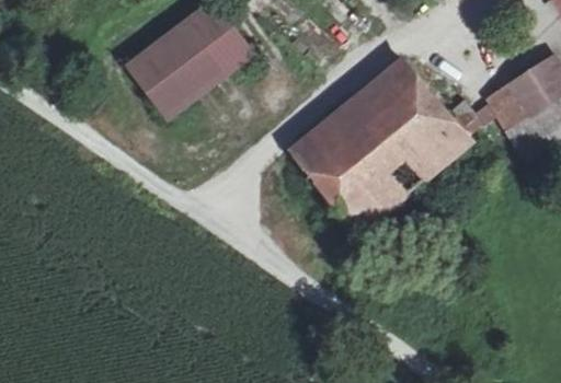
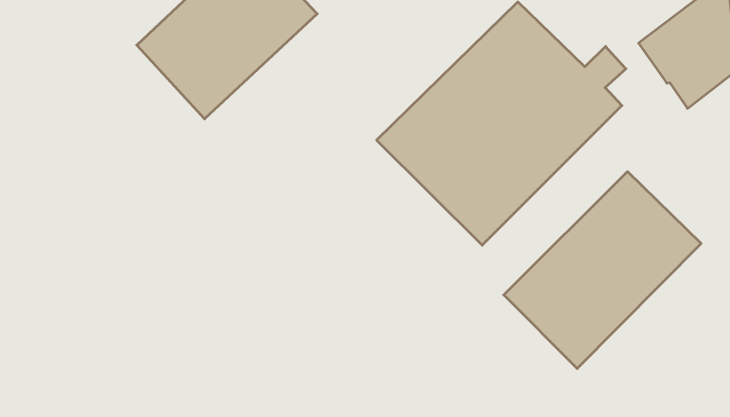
building: none -> [504,172,701,369]

